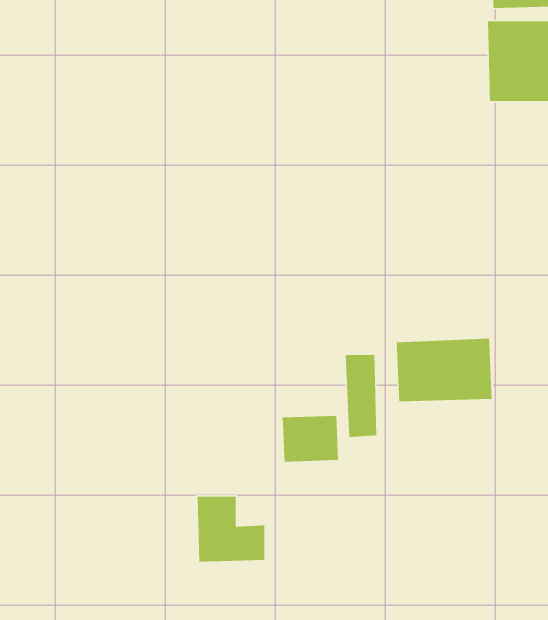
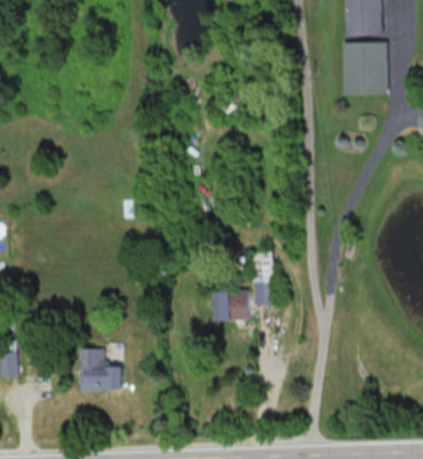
building: [396,338,493,402] -> none
building: [197,496,265,562] -> [81,349,124,391]

